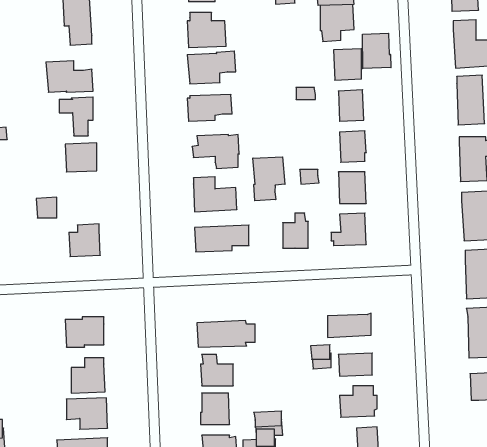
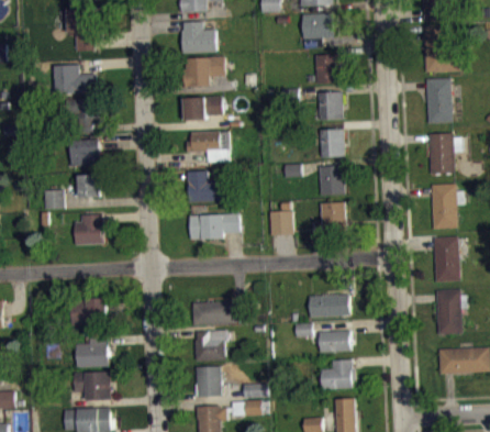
building: [363,33,391,69] -> none
building: [253,157,285,201] -> none
building: none -> [77,173,100,196]

